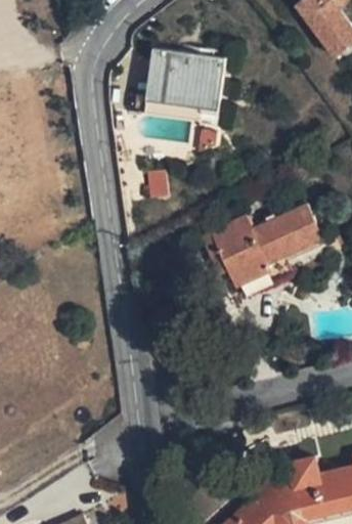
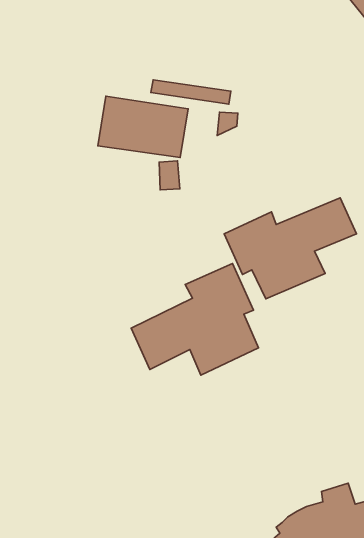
building: [142,46,222,100] -> [98,96,188,158]
building: none -> [131,264,258,375]

